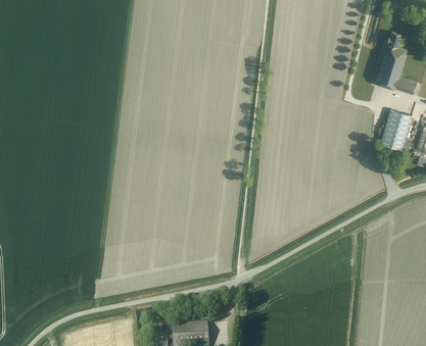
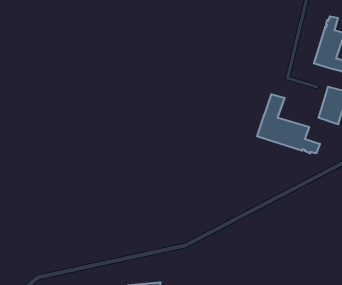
building: none -> [257,94,320,154]

